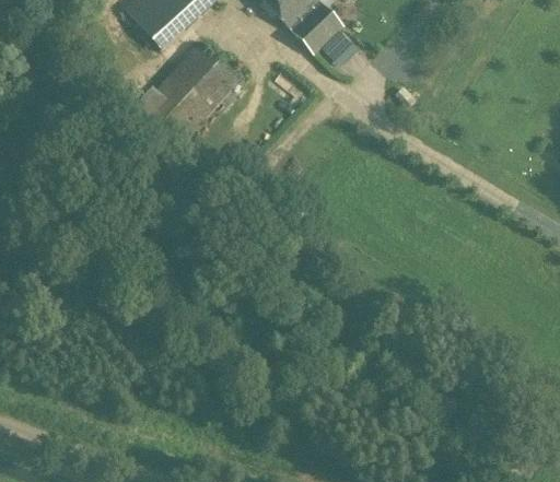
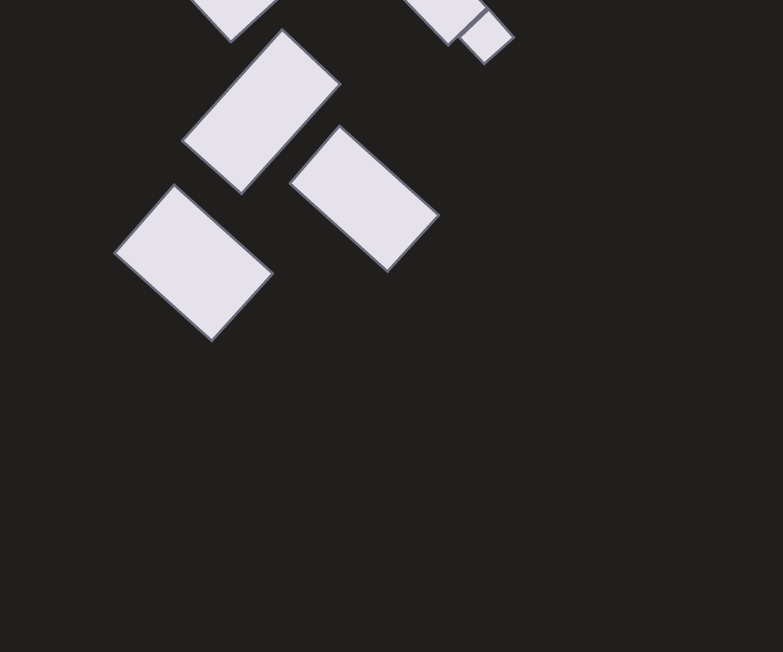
building: none -> [290,126,439,272]
building: none -> [115,185,273,341]

